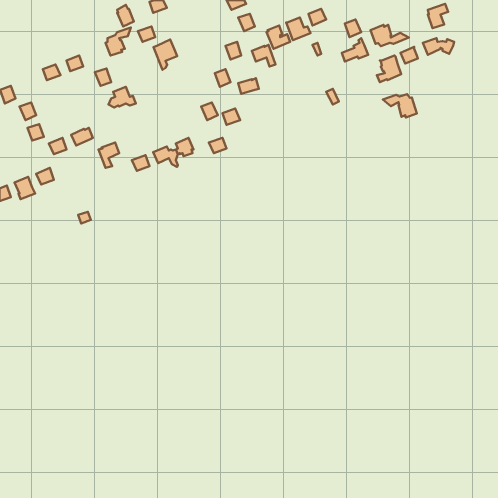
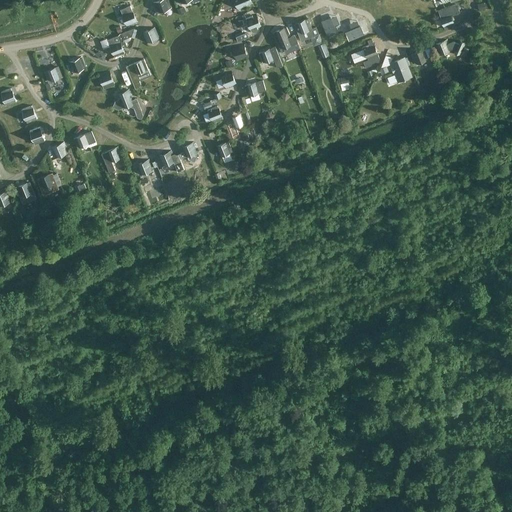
building: [371,25,409,46] -> none
building: [154,39,177,70] -> [126,59,150,90]
building: [383,94,417,118] -> none

